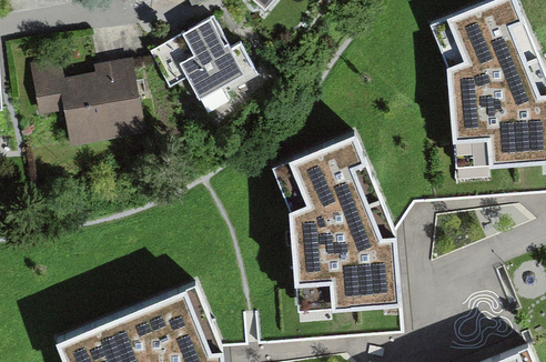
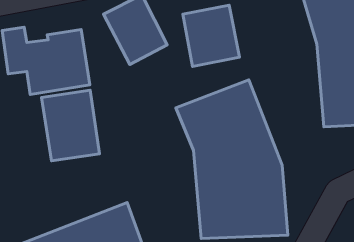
building: none -> [183,5,240,66]
building: none -> [42,90,99,161]

